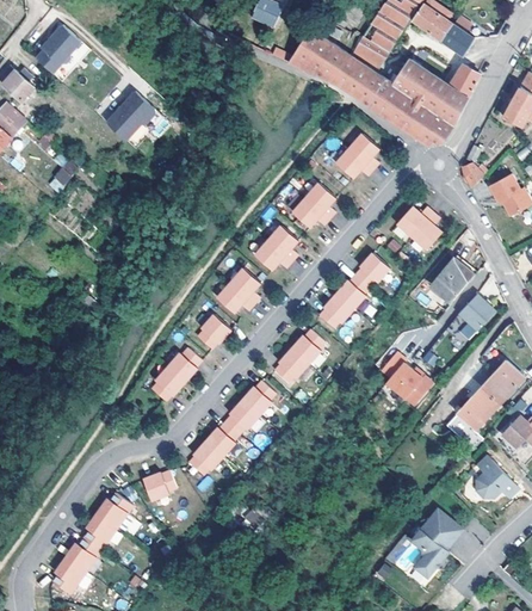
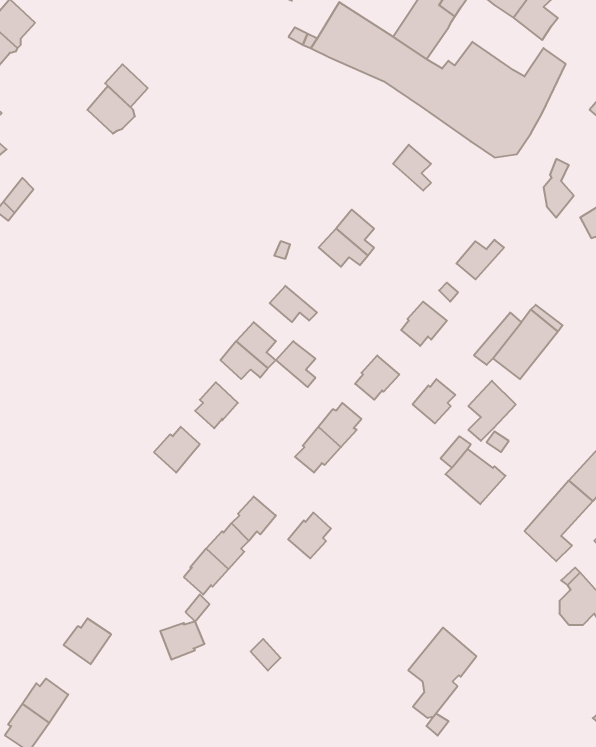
building: [105,109,137,141] -> [105,64,148,107]
building: [335,149,371,178] -> none
building: [410,212,440,249] -> none
building: [267,227,297,261] -> [276,341,315,387]
building: [336,274,369,308] -> [413,379,455,423]
building: [457,295,493,340] -> [468,381,516,441]
building: [153,366,185,401] -> none
building: [243,379,276,414] -> [288,513,331,558]
building: [146,470,179,499] -> [160,622,205,660]
building: [410,507,462,575] -> [408,628,476,718]
building: [87,512,120,549] -> none

